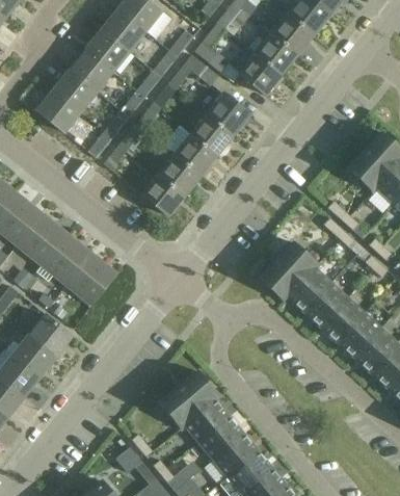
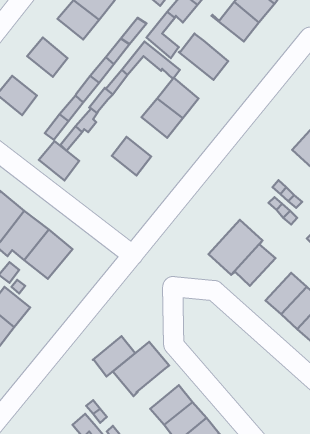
building: [245,27,297,75] -> none
building: [85,30,128,72] -> none
building: [53,70,96,111] -> none
building: [174,134,216,176] -> none
building: [141,175,184,216] -> [39,141,79,181]
building: [303,283,347,328] -> none
building: [184,399,229,442] -> [93,336,135,377]

